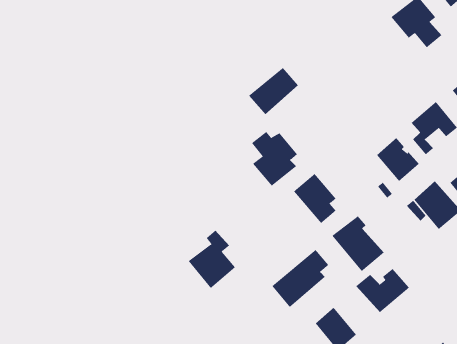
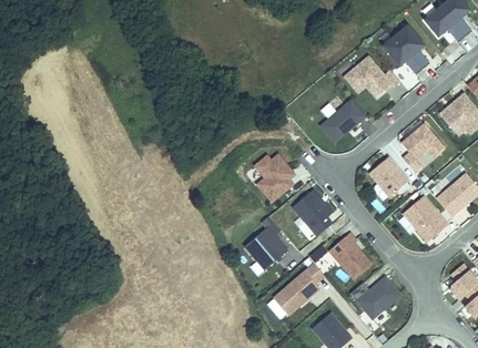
building: none -> [344,57,400,96]
building: [248,67,299,115] -> [319,99,366,143]
building: [188,230,236,289] -> [244,213,288,267]

